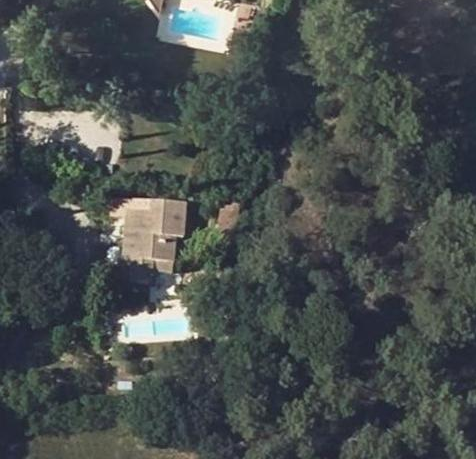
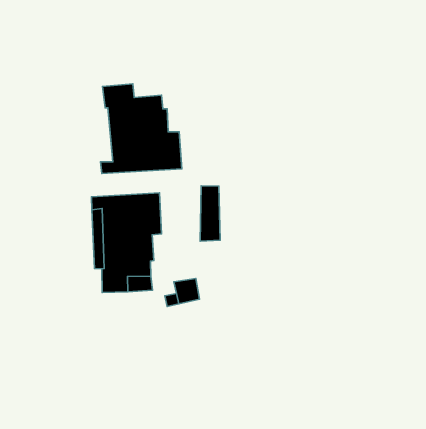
building: none -> [101,84,182,174]

